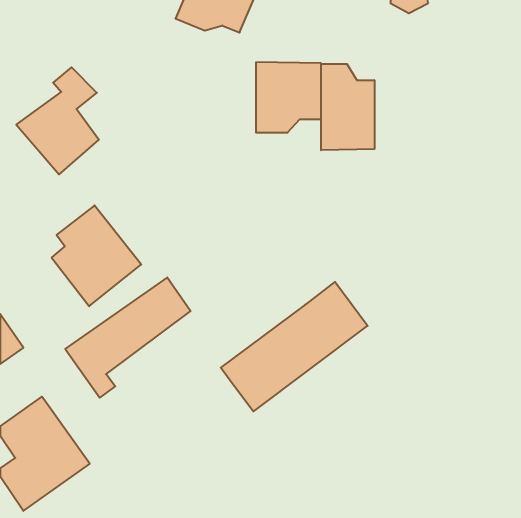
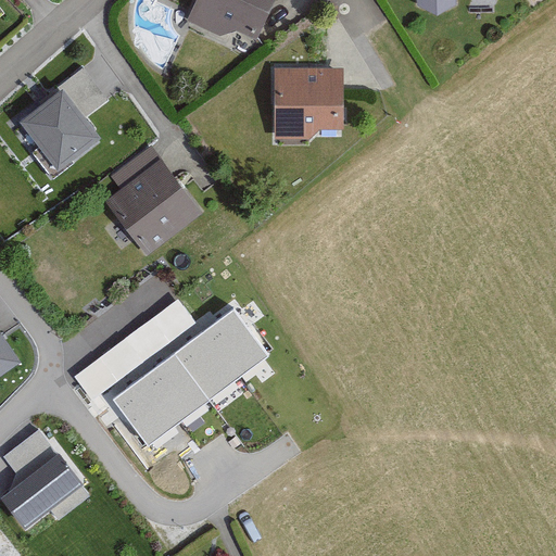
building: [321,64,374,150] -> none
building: [52,205,141,306] -> [105,146,201,253]
building: [221,282,368,411] -> [113,307,269,445]

